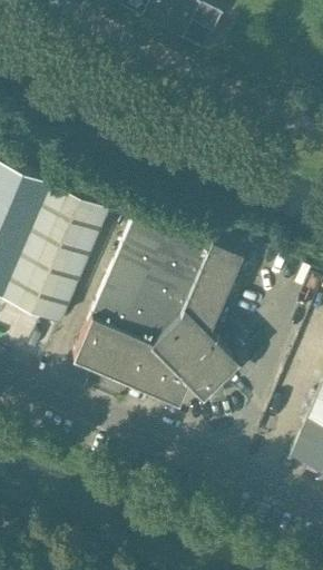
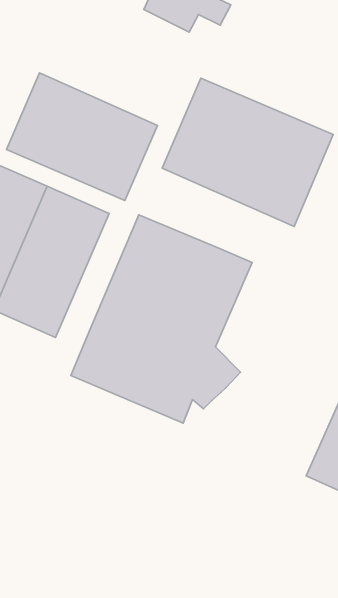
building: none -> [7,73,158,201]
building: none -> [162,78,333,226]

